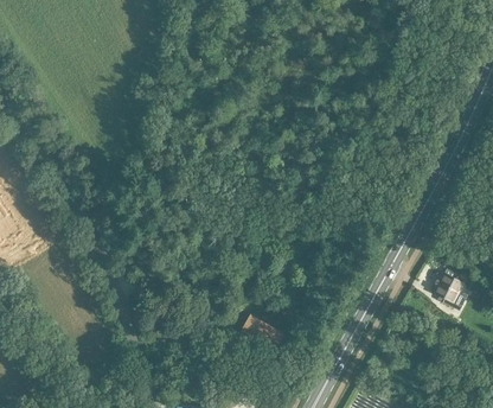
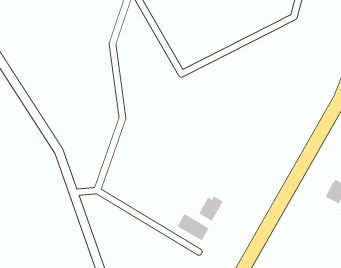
building: none -> [198,196,223,222]

